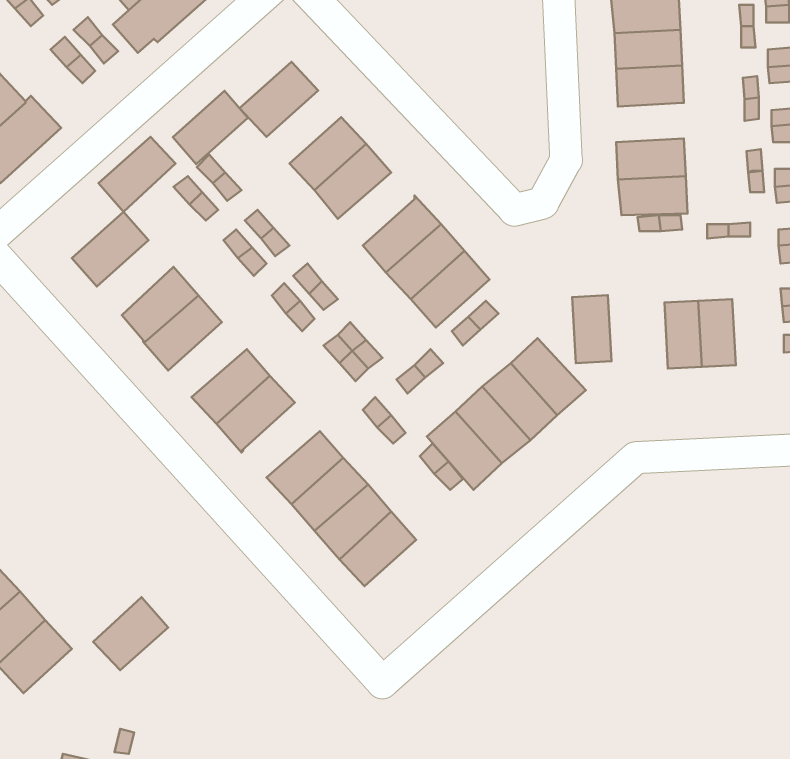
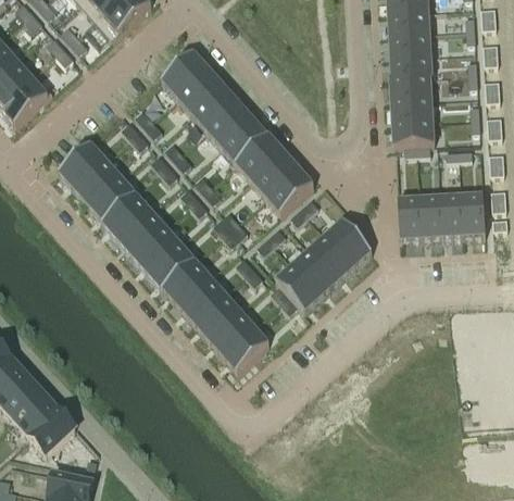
building: [173,91,248,164] -> [177,68,223,113]
building: none -> [389,76,431,100]
building: [99,137,175,212] -> [74,160,121,205]
building: none -> [221,118,267,163]
building: [572,295,611,363] -> [398,198,422,239]
building: none -> [461,195,485,236]
building: none -> [117,210,165,255]
building: none -> [162,259,210,304]
building: [93,597,168,670] -> [29,409,75,453]

